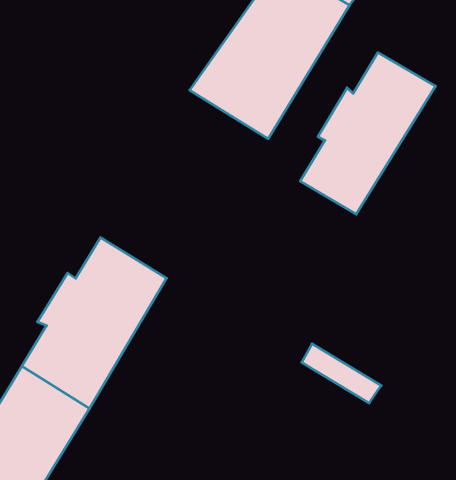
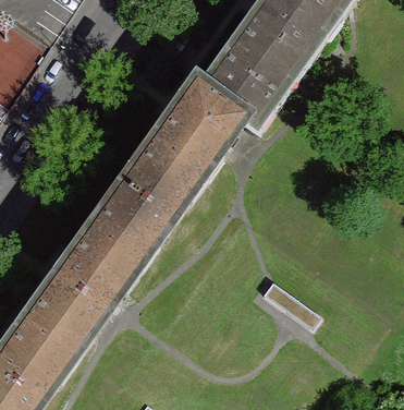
building: [300,53,436,214] -> none
building: none -> [117,89,245,226]

